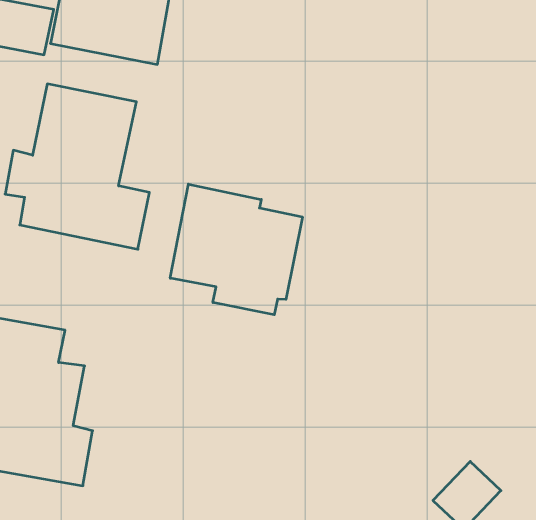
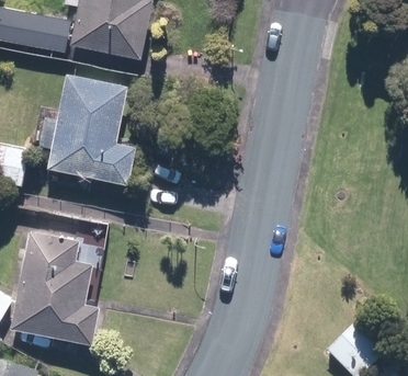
building: [170,184,302,315] -> none

